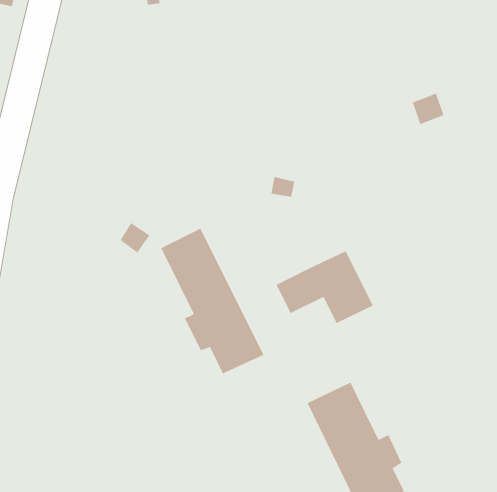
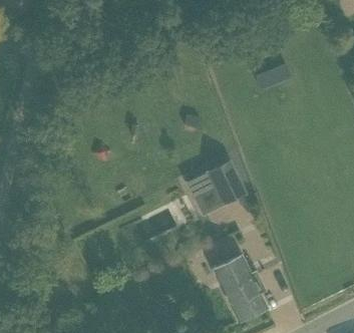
building: [160,227,265,375] -> none

